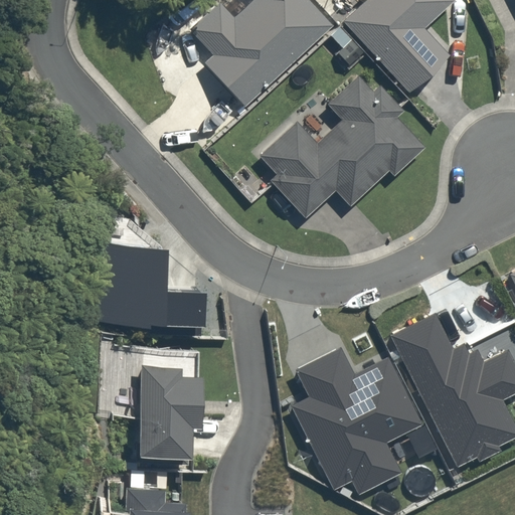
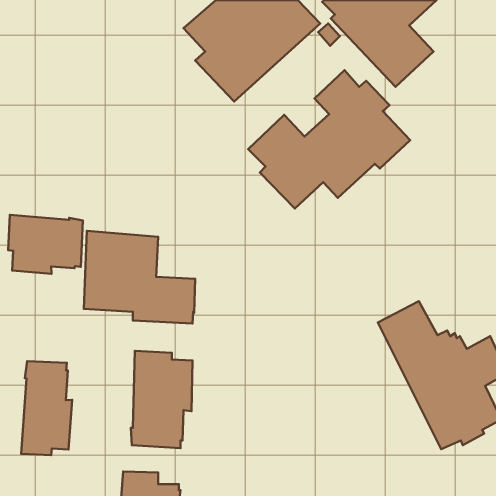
building: none -> [8,215,83,274]
building: [292,346,423,494] -> none
building: none -> [21,361,72,455]

